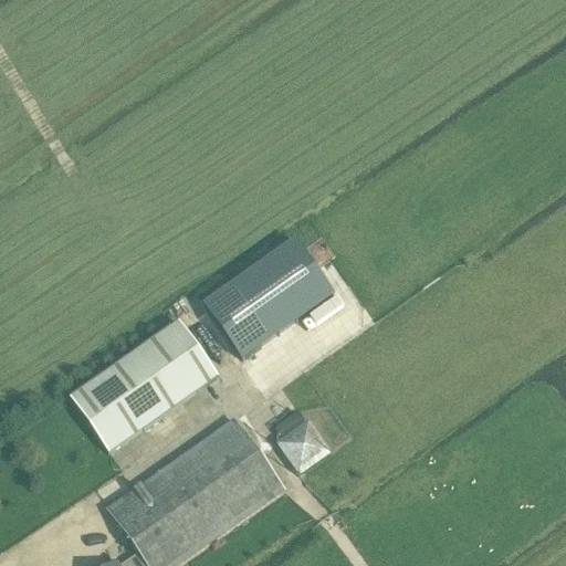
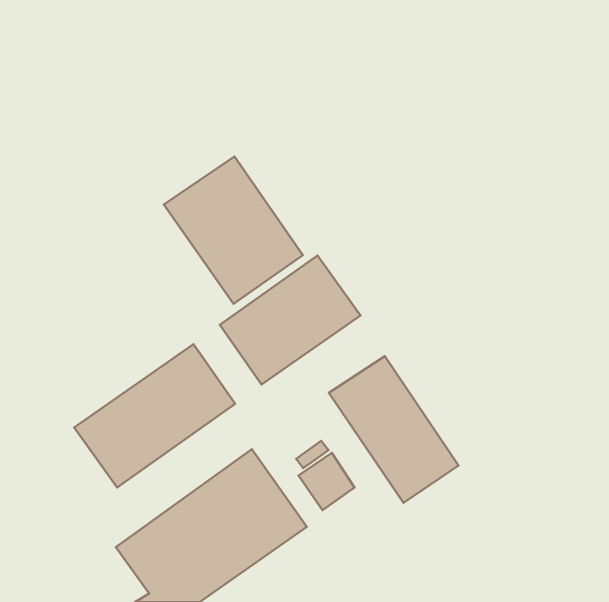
building: none -> [164,156,303,304]
building: none -> [329,356,458,503]

